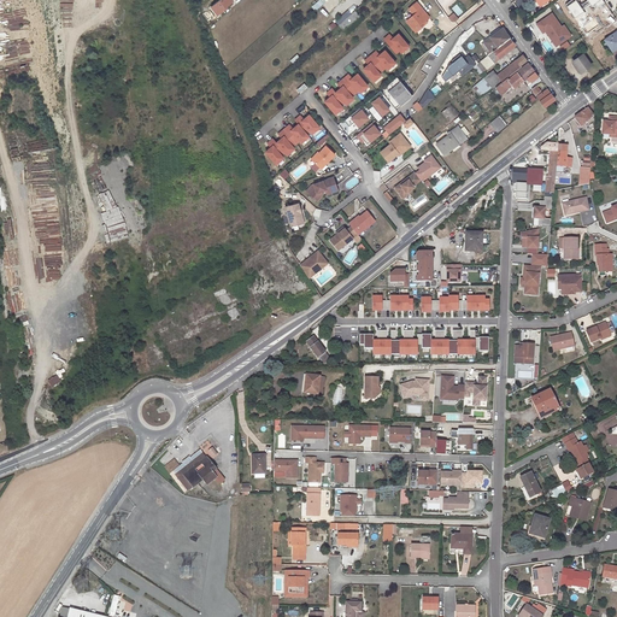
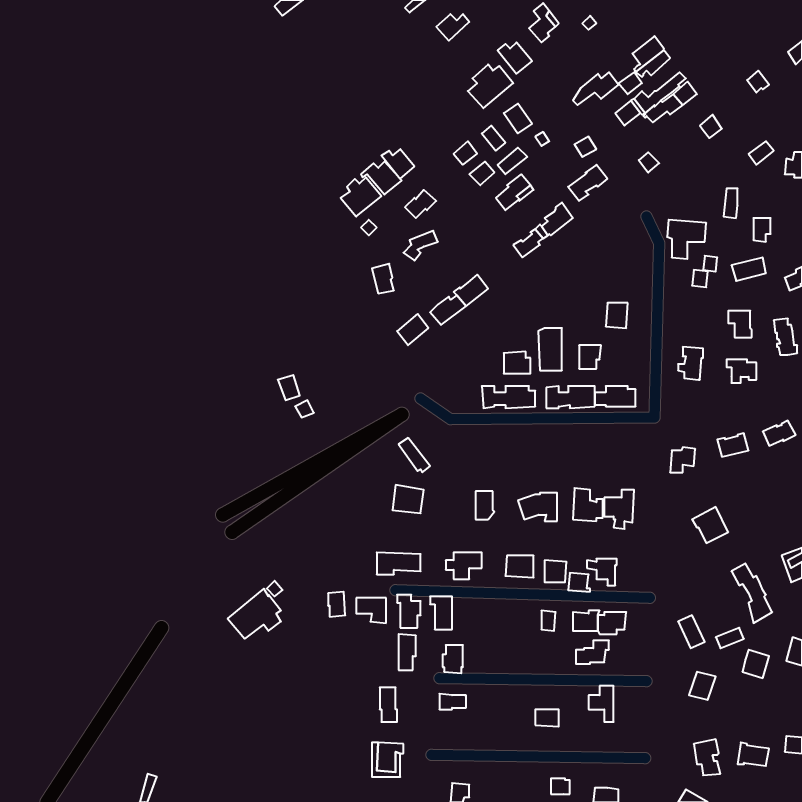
building: [536,12,571,47] -> none
building: [323,72,366,114] -> none
building: [519,229,547,268] -> none
building: [358,334,486,354] -> none

